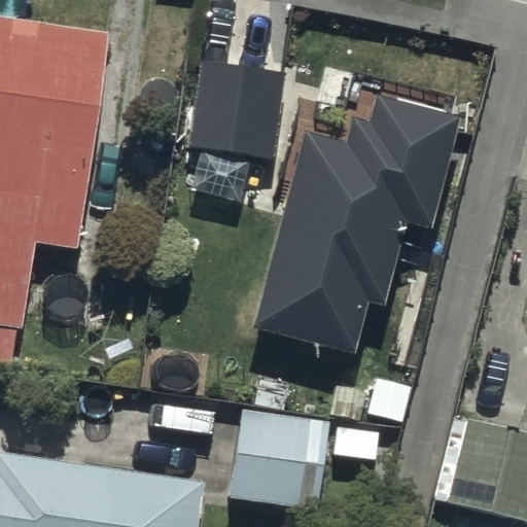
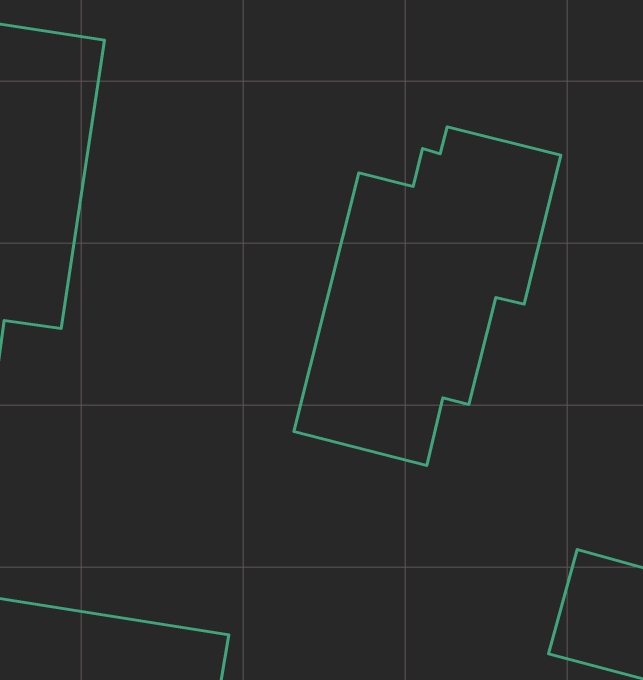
building: [187,61,274,155] -> none
building: [229,408,378,510] -> none

